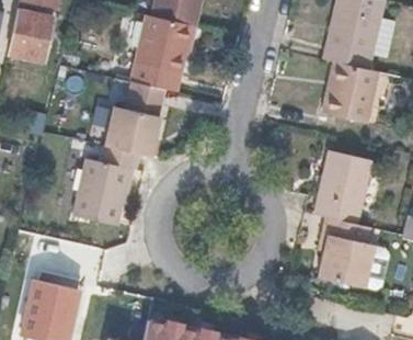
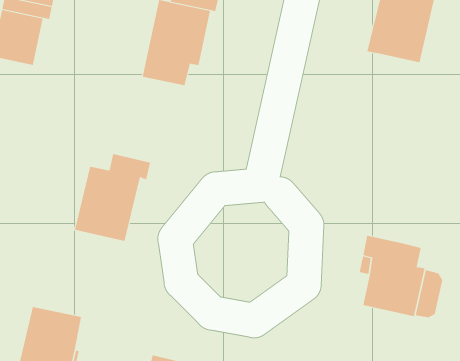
building: [324,59,379,118] -> none
building: [104,76,164,155] -> none
building: [316,148,375,223] -> none

